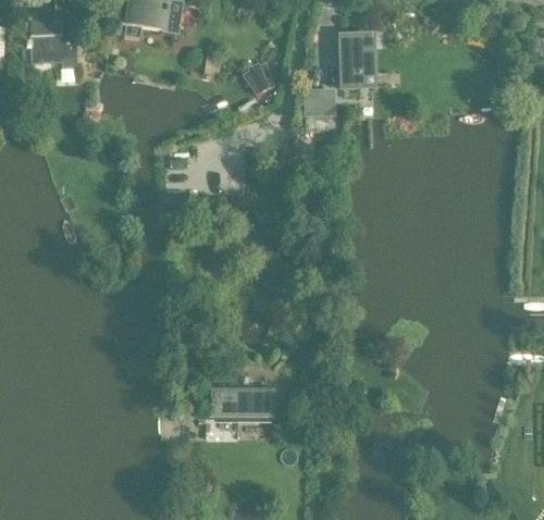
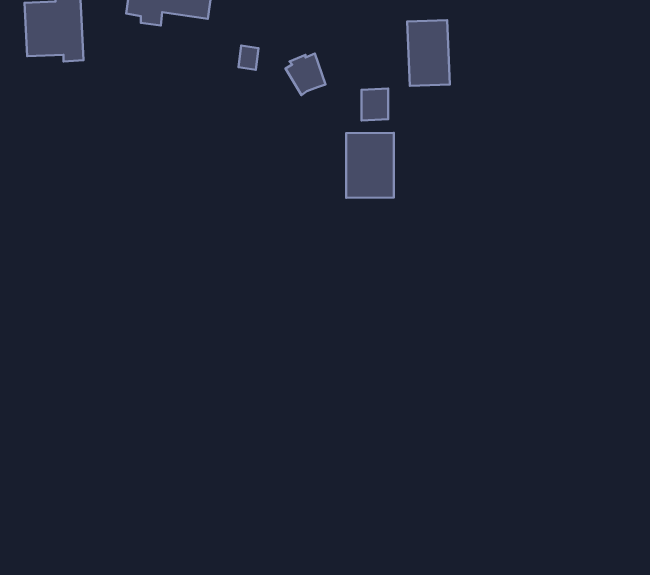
building: none -> [346,133,394,198]
building: [212,392,272,416] -> none

